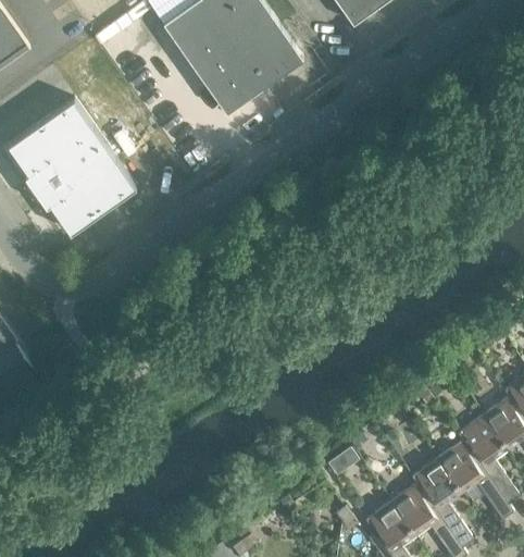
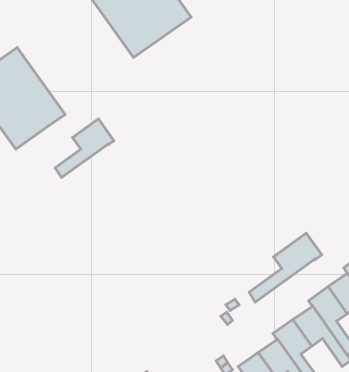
building: none -> [55,119,114,178]
building: none -> [249,233,322,302]

